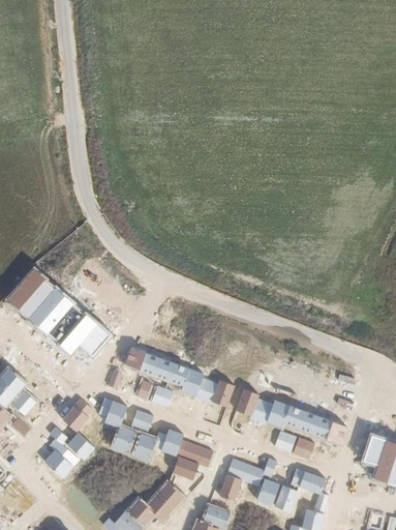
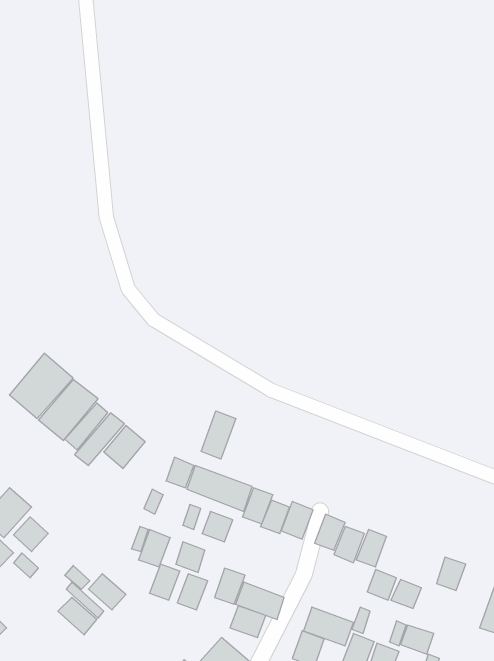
building: none -> [201,411,236,459]
building: [61,398,94,432] -> none
building: [283,406,331,439] -> none

